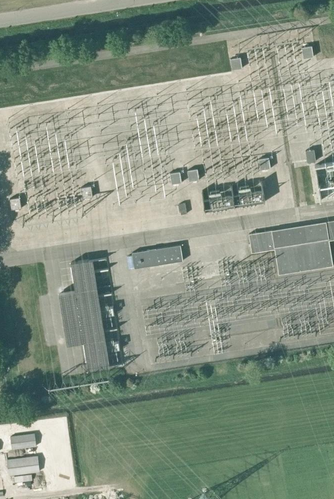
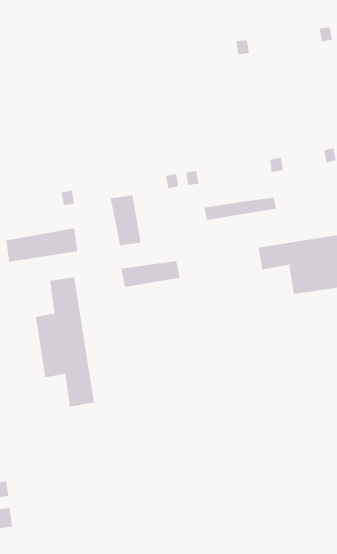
building: none -> [110,195,141,246]
building: none -> [6,227,78,263]

